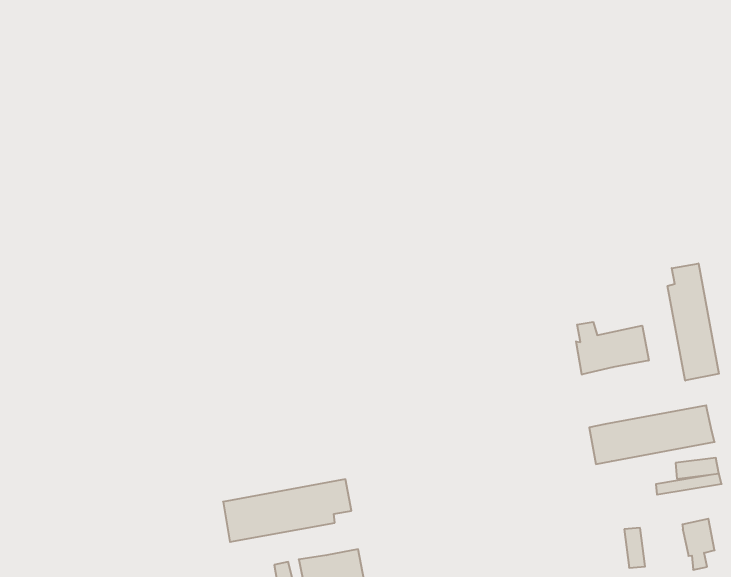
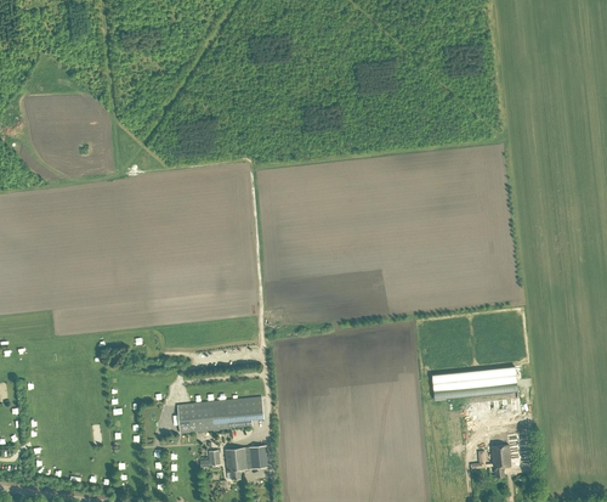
building: [668,263,719,381] -> none
building: [576,322,649,375] -> none

